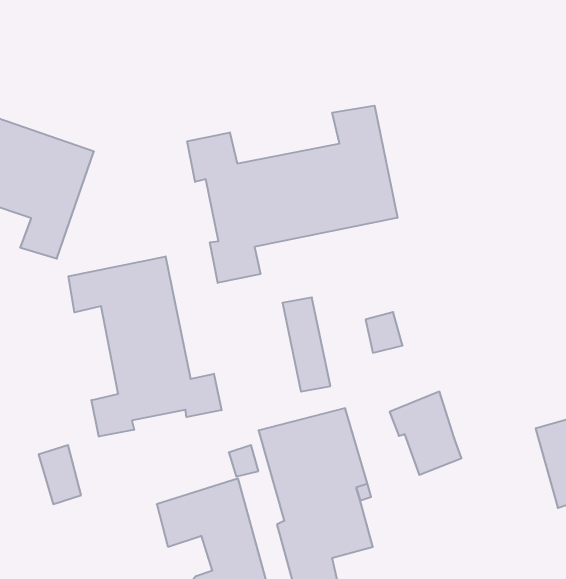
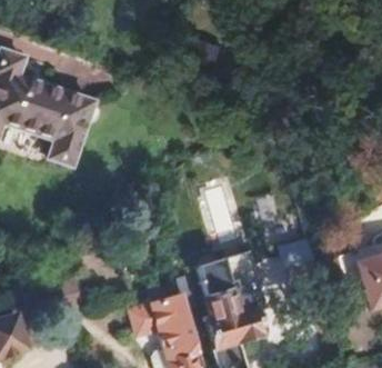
building: [187,106,397,283] -> none
building: [68,256,222,437] -> none

